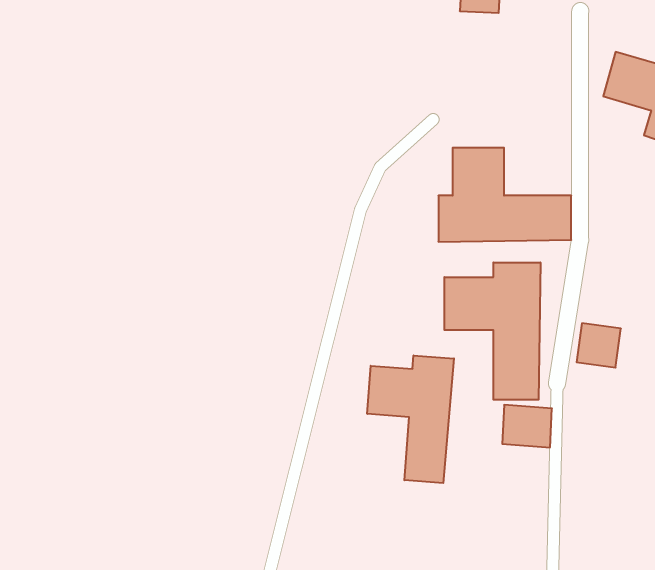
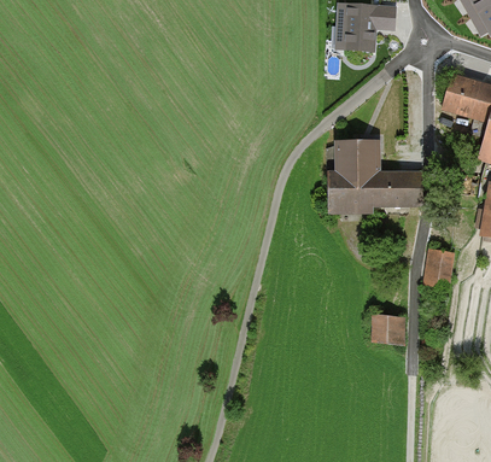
building: [444,262,540,400] -> none
building: [367,355,454,483] -> none

